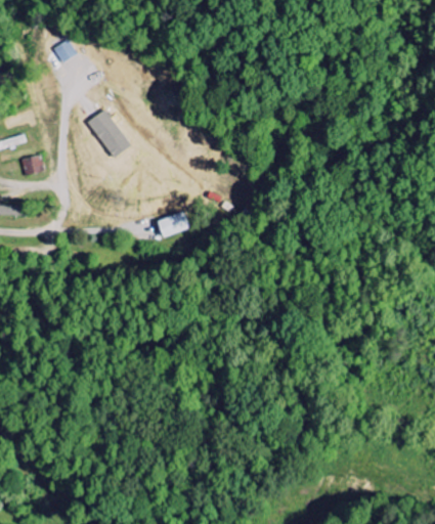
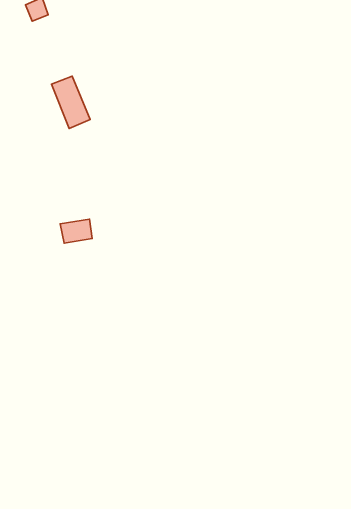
building: [157,212,188,237] -> [60,219,92,243]

